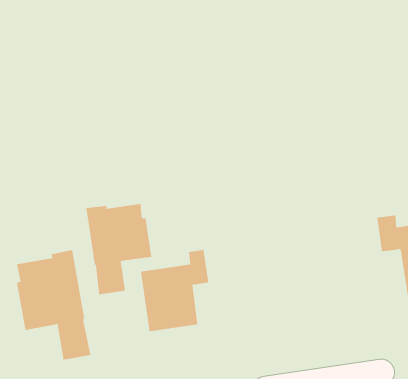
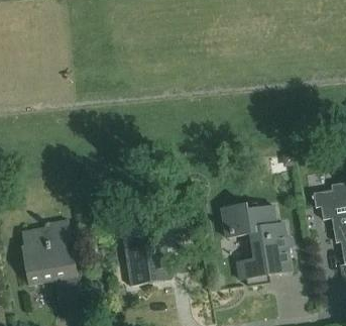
building: [86,203,152,295] -> none
building: none -> [221,204,294,286]

